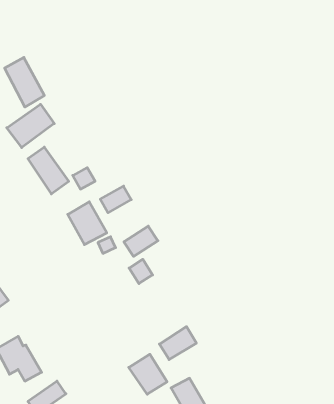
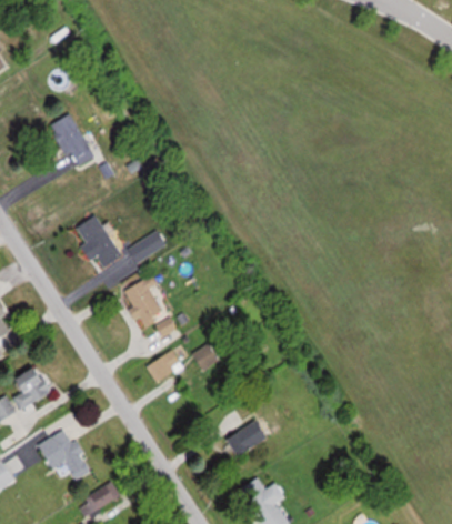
building: [7,104,54,148] -> none
building: [100,186,131,213] -> none
building: [124,226,158,256] -> [144,349,183,383]
building: [129,354,167,394] -> none

